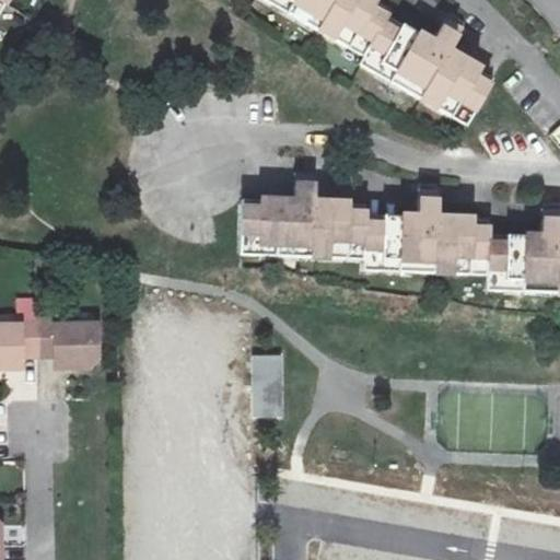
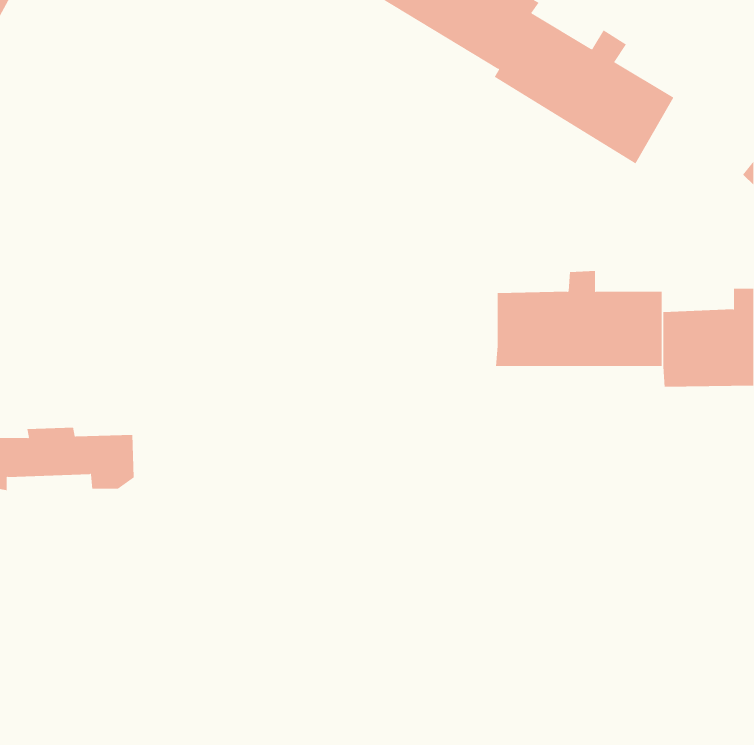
building: [244,185,368,257] -> none
building: [247,350,280,411] -> none

